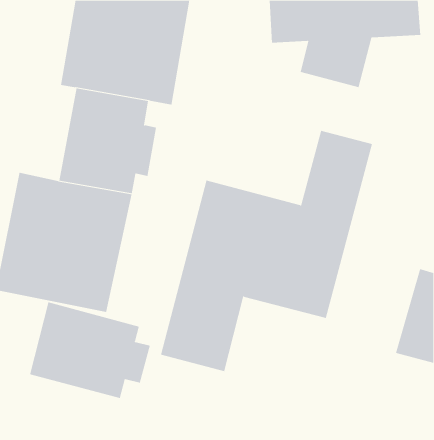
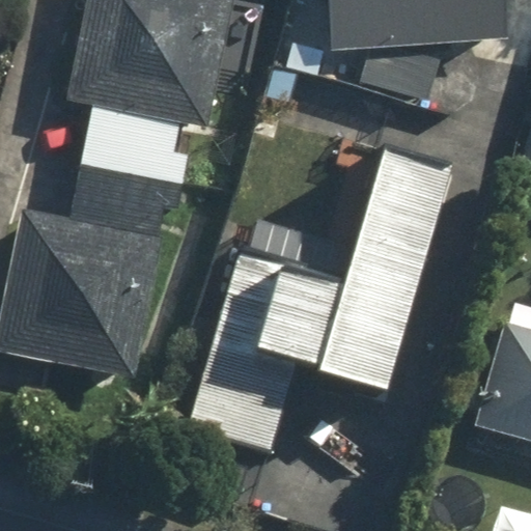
building: [30,302,150,399] -> none

